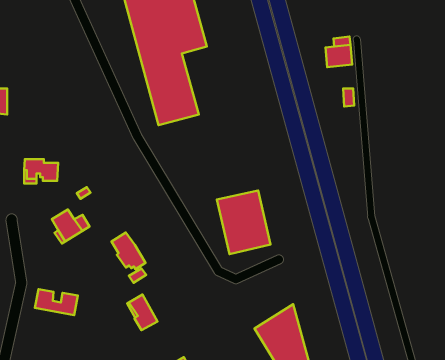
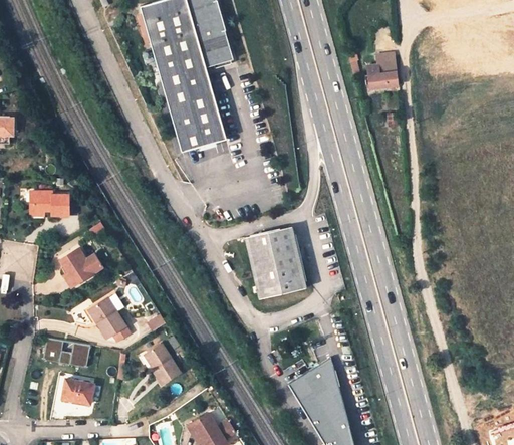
building: [111,232,145,269] -> [91,298,130,340]
building: none -> [61,379,93,404]

